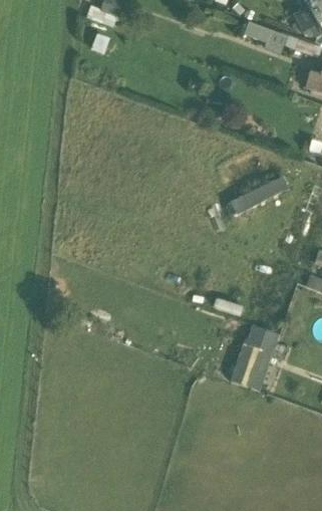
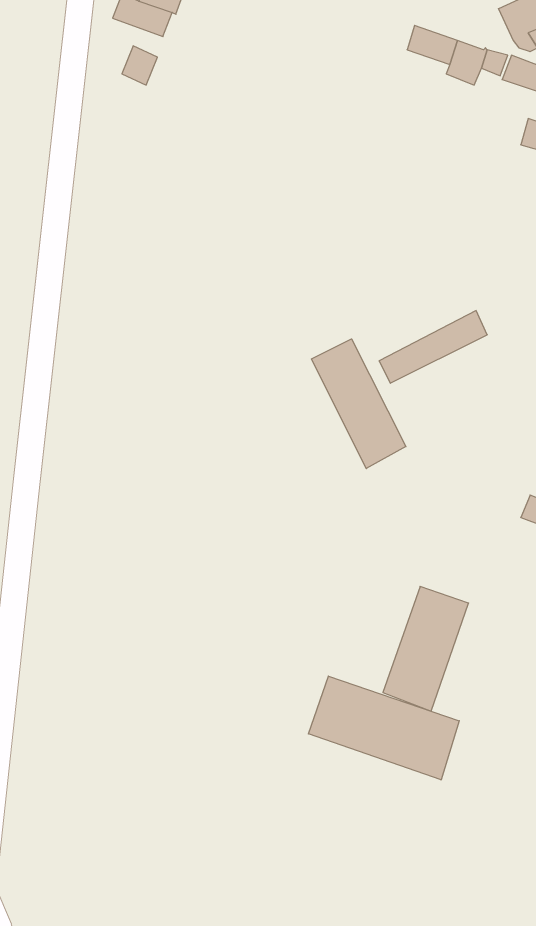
building: none -> [312,339,406,469]
building: none -> [308,676,459,780]

